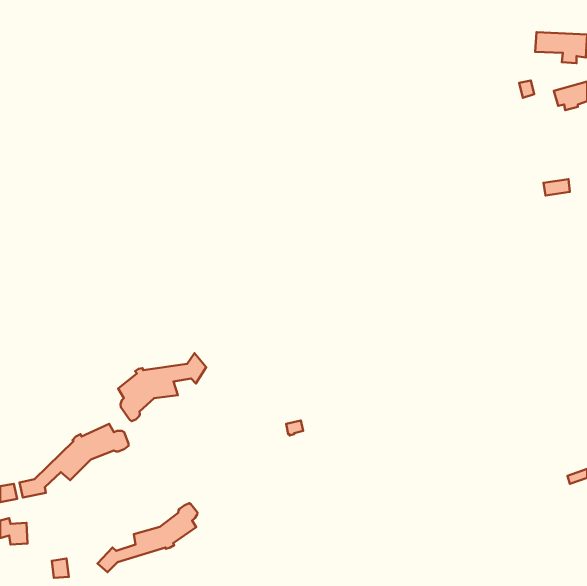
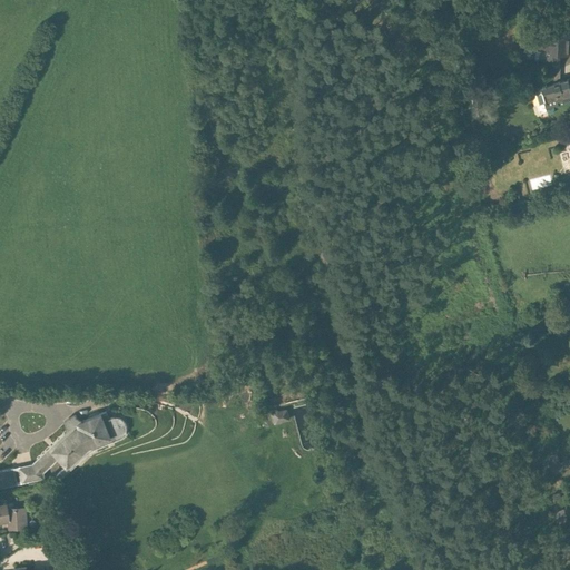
building: [118,353,206,421] -> none
building: [98,503,197,572] -> none

